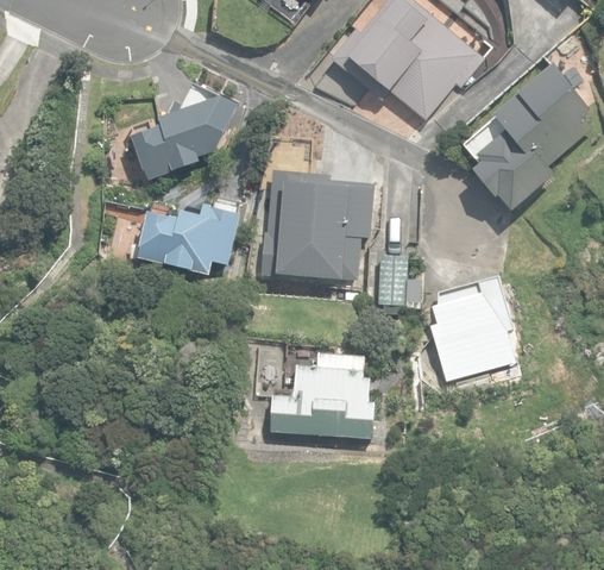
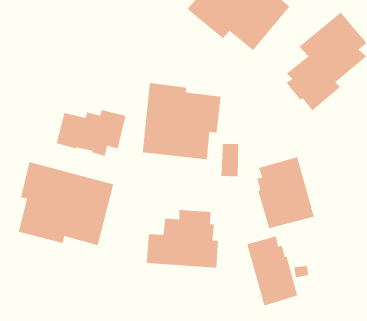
building: [131,84,237,182] -> none
building: none -> [18,161,114,246]
building: none -> [246,236,298,306]

